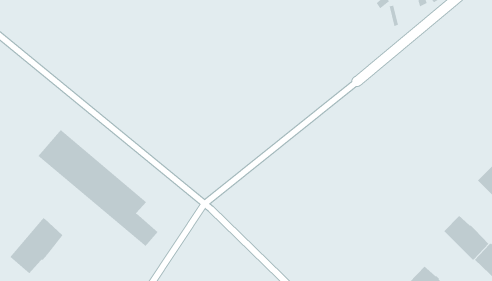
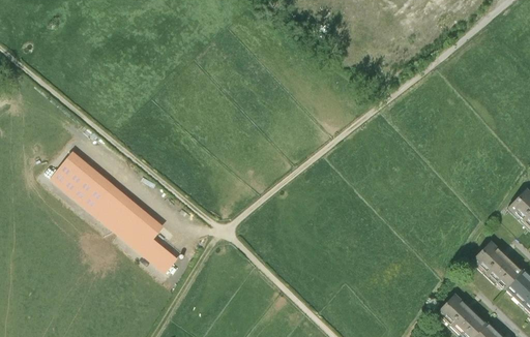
building: [9,217,63,274] -> none

